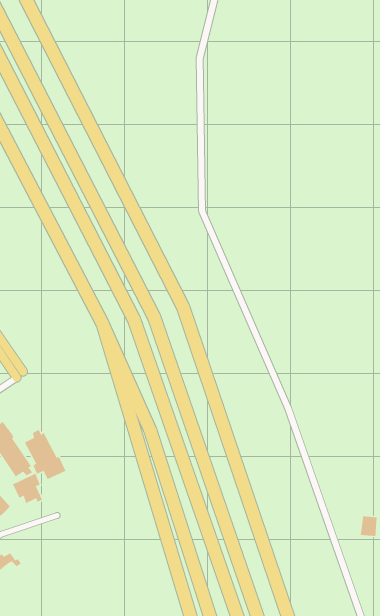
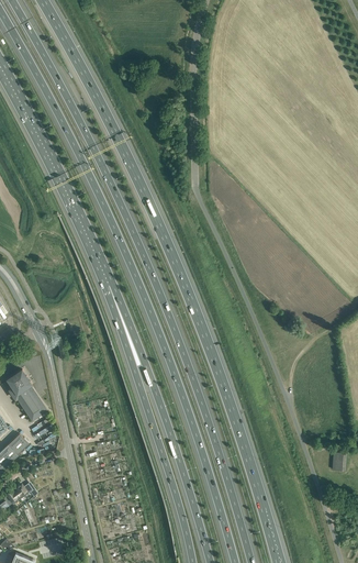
building: [24,429,67,480] -> none

